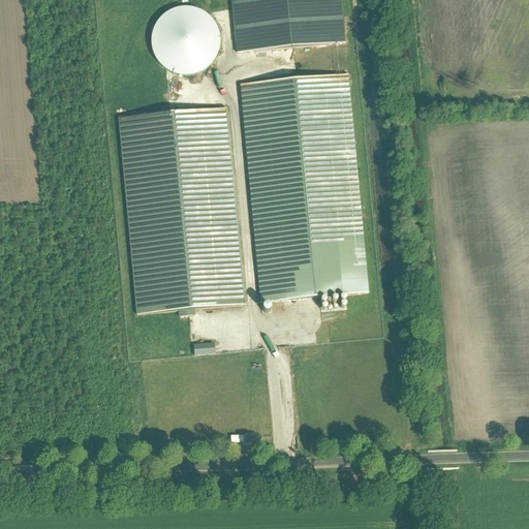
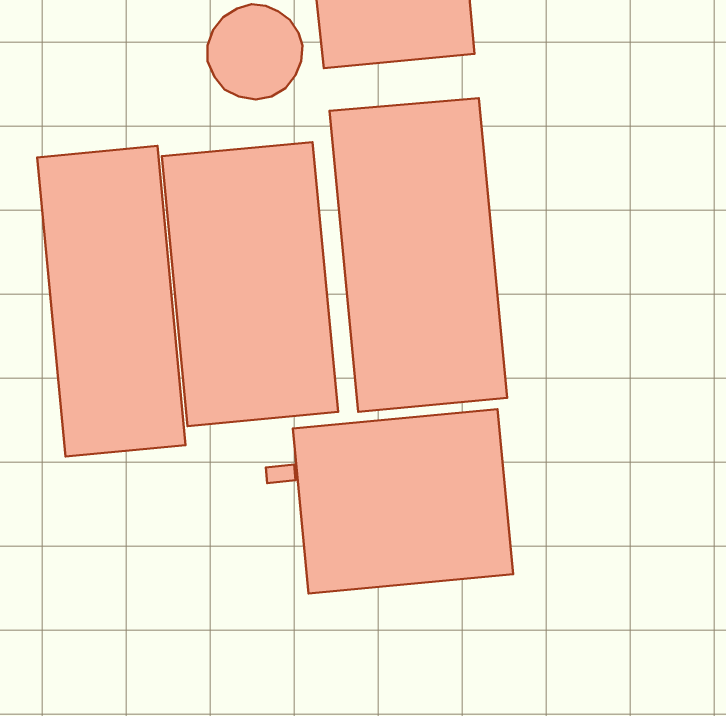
building: none -> [37,146,186,457]
building: none -> [293,409,513,594]

